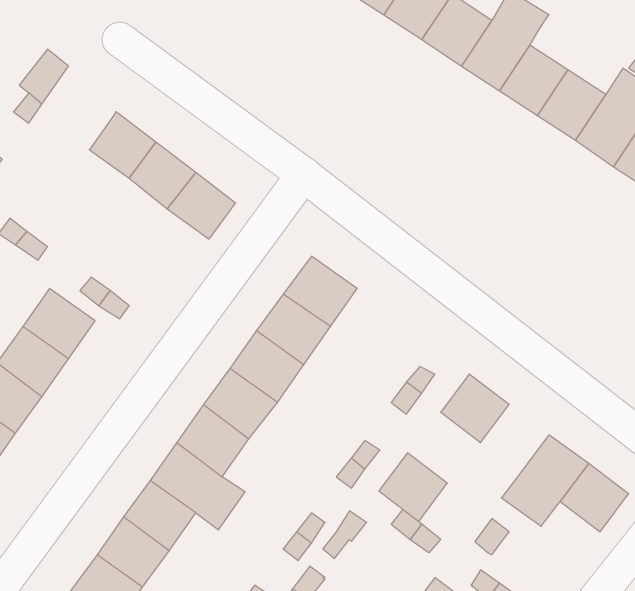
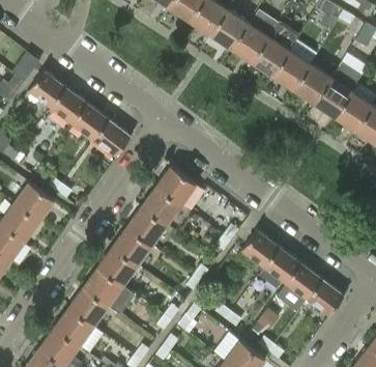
building: none -> [27,70,64,108]
building: [379,453,447,521] -> [263,247,300,284]

